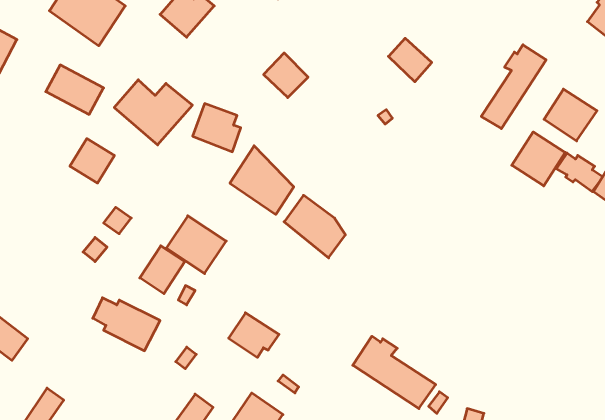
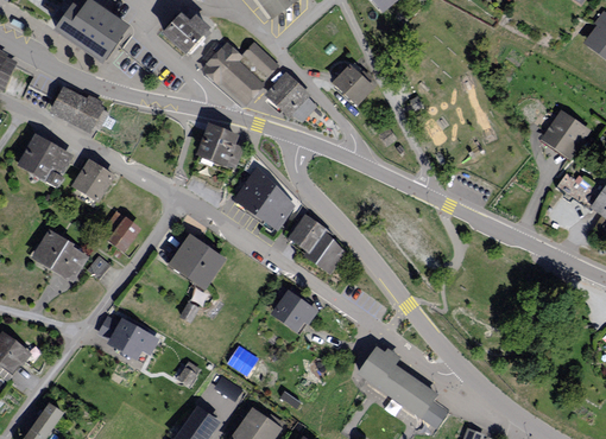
building: [388,38,432,82] -> [332,64,374,107]
building: [481,45,546,129] -> none
building: [114,80,192,145] -> [201,40,278,104]
building: none -> [18,132,76,185]
building: [512,132,565,186] -> none
building: none -> [32,229,90,282]
building: [140,246,185,294] -> none
building: [229,313,279,357] -> [271,288,321,332]

